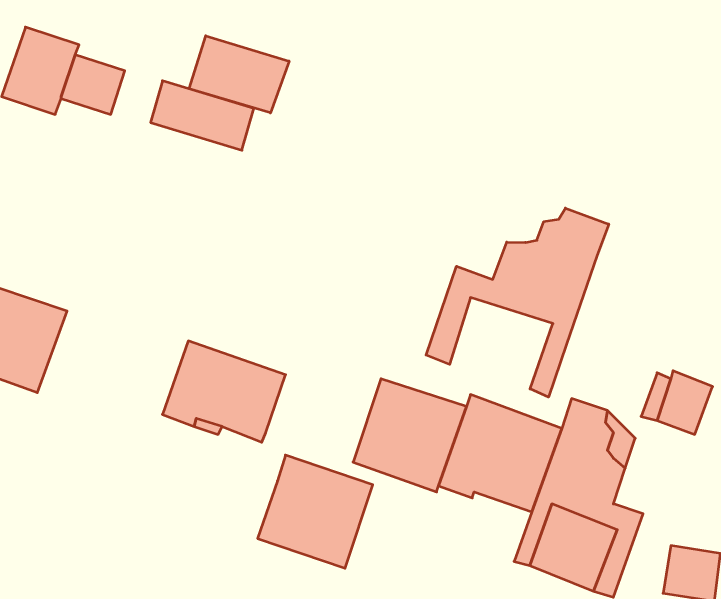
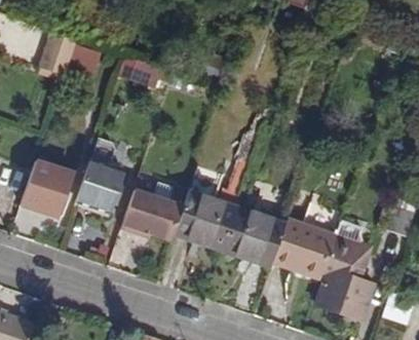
building: [189,36,289,113] -> none
building: [426,208,609,397] -> none
building: none -> [75,161,124,212]
building: [258,455,373,568] -> [175,193,234,252]

